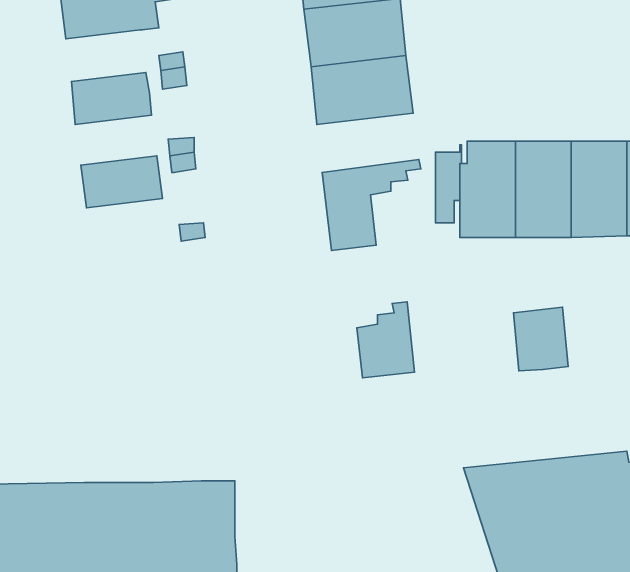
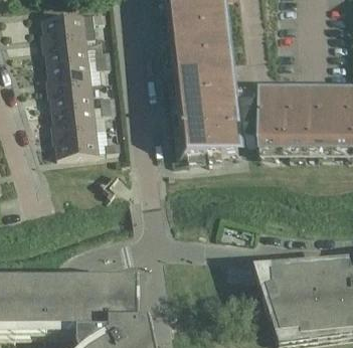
building: none -> [42,31,85,59]
building: none -> [178,76,233,109]
building: none -> [47,77,92,105]
building: none -> [53,123,97,151]
building: [357,302,414,378] -> [207,107,238,148]
building: [513,307,568,371] -> none

